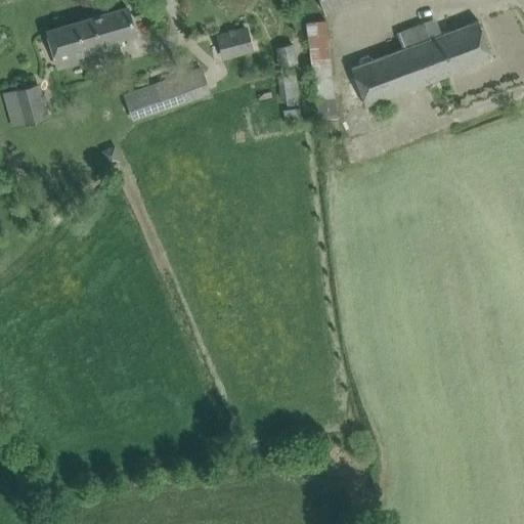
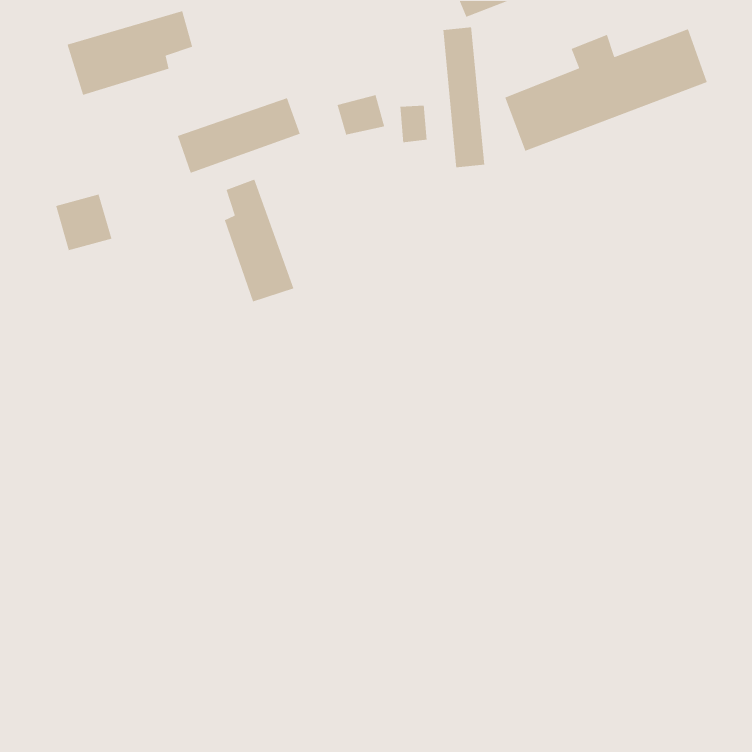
building: [217,29,251,57] -> [337,94,385,136]
building: [4,86,44,126] -> [55,194,113,251]
building: none -> [224,179,294,303]

